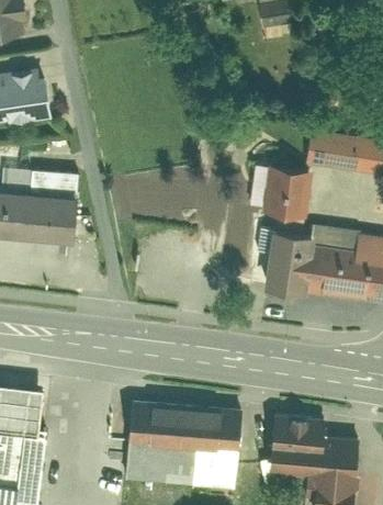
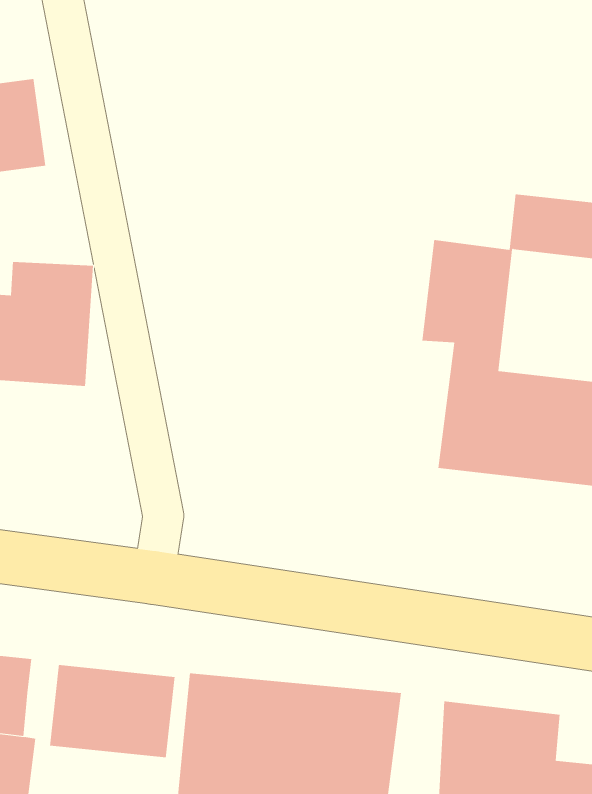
building: none -> [50,664,175,758]

